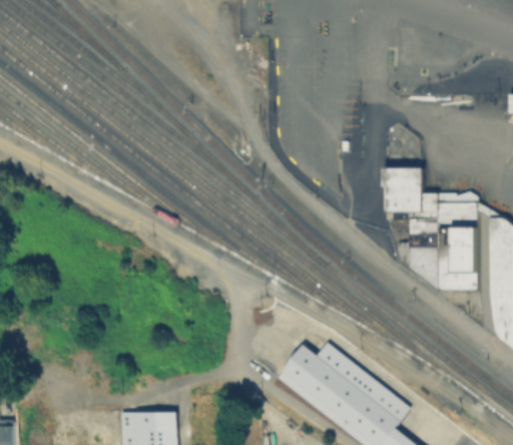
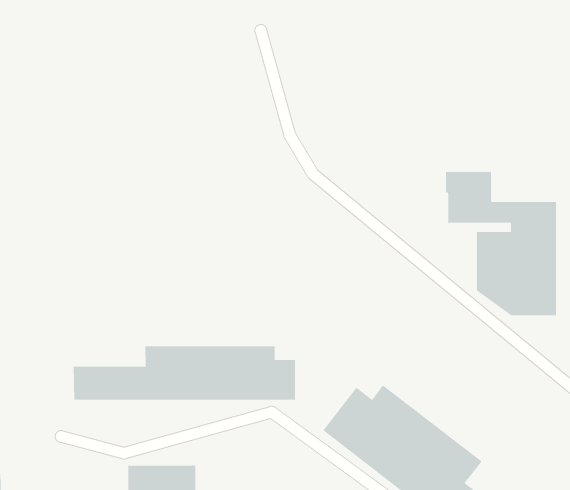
building: none -> [73,346,296,401]

